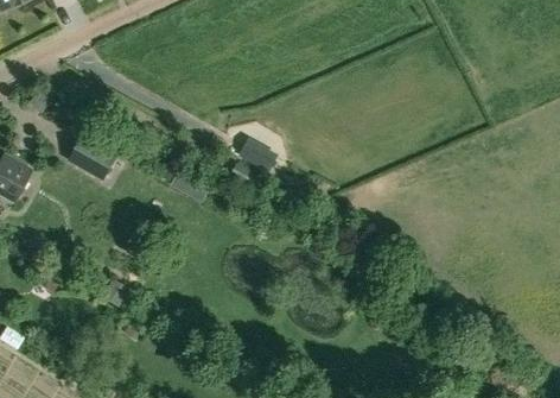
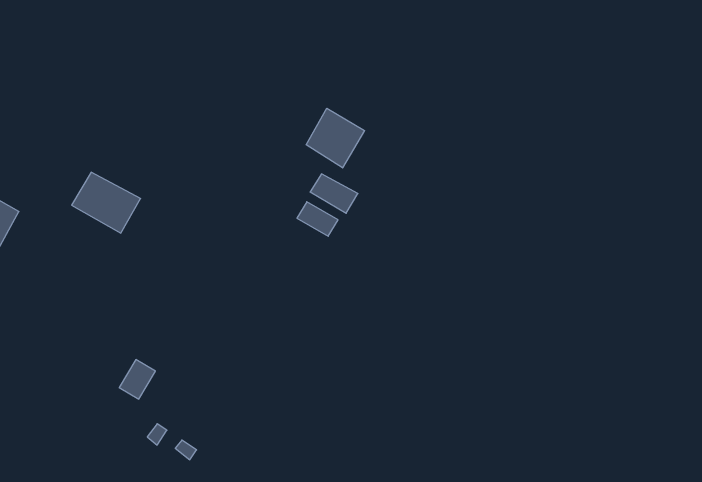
building: none -> [306,108,365,168]

